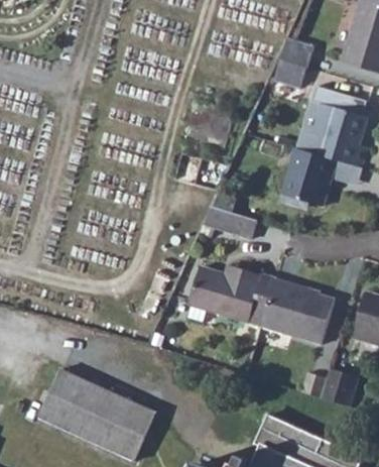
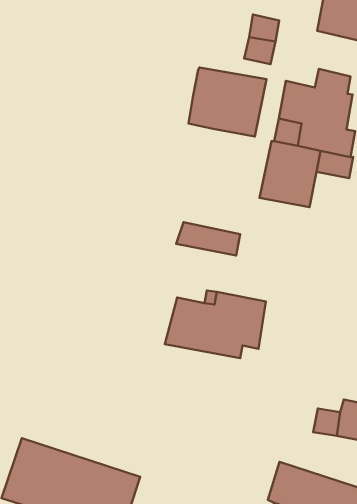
building: none -> [188,67,266,136]
building: [259,278,333,345] -> none

